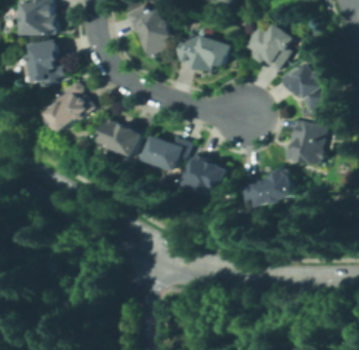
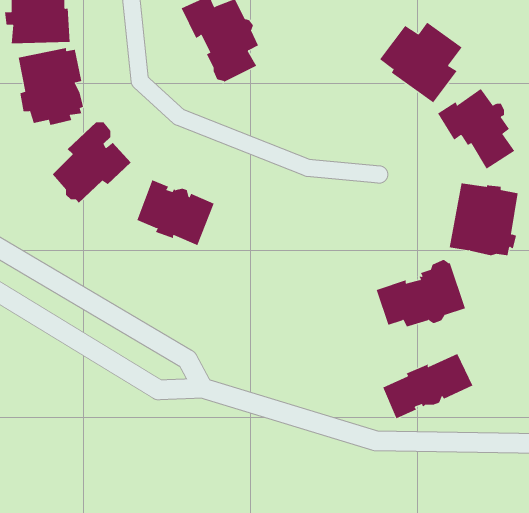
building: [174,32,231,71] -> none
building: [142,134,191,171] -> none
building: [183,153,227,195] -> none
building: none -> [382,353,473,419]

